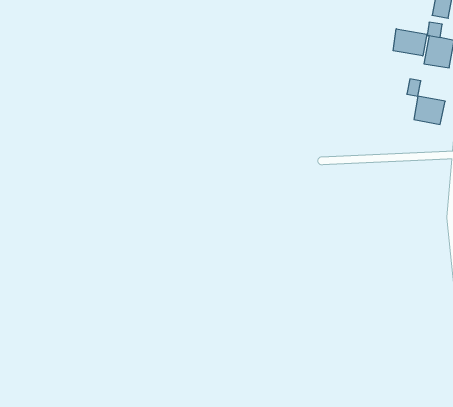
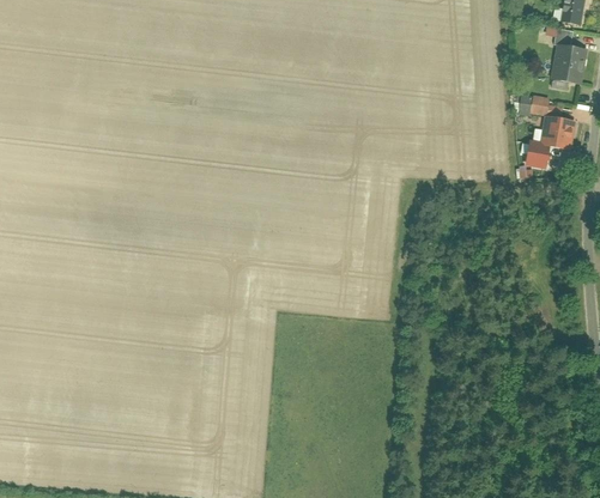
building: [393,29,427,56] -> none
building: none -> [521,144,547,171]

